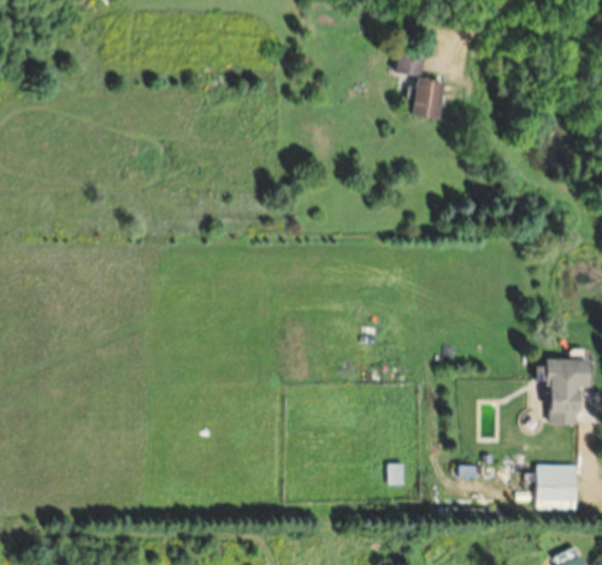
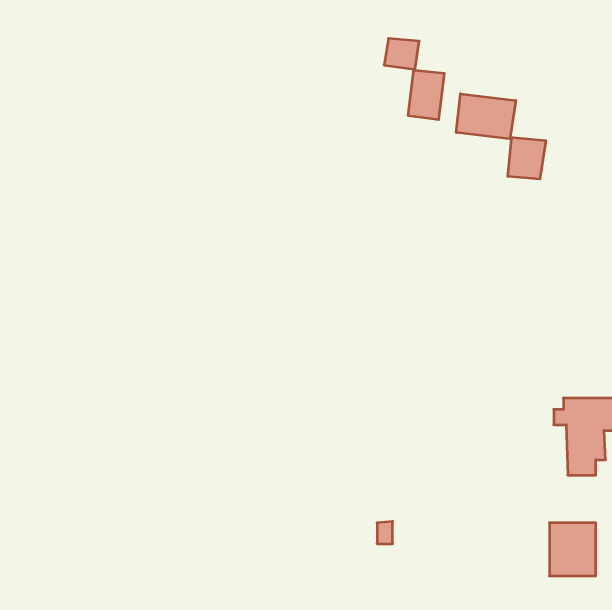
building: none -> [456,94,546,179]

